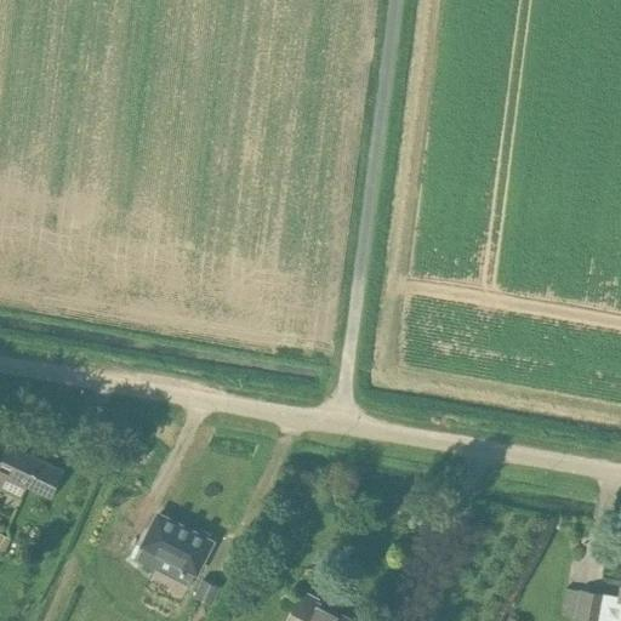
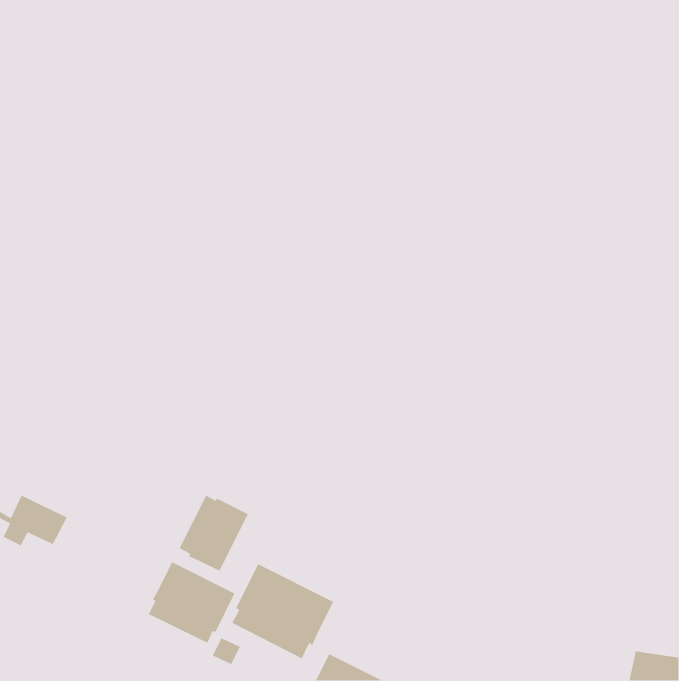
building: none -> [178,495,249,572]
building: none -> [231,563,334,659]

